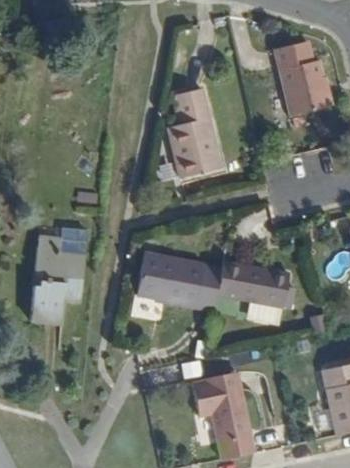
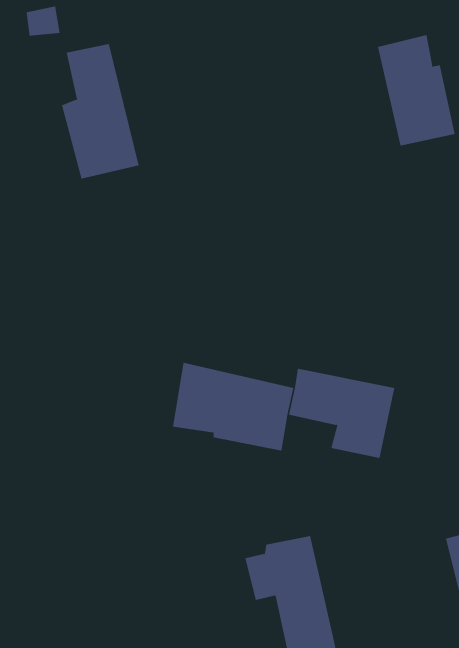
building: [168,84,220,174] -> [61,43,140,179]
building: [32,227,88,321] -> none

